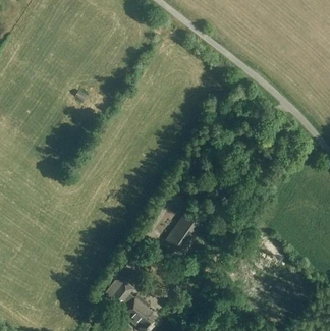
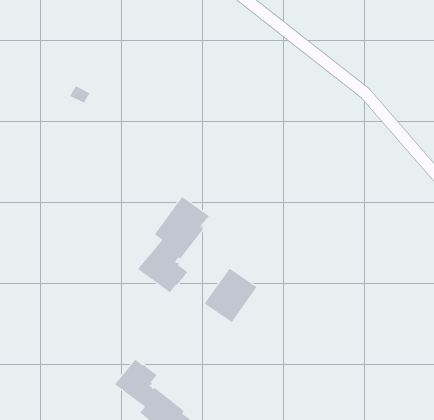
building: none -> [137,196,210,293]

